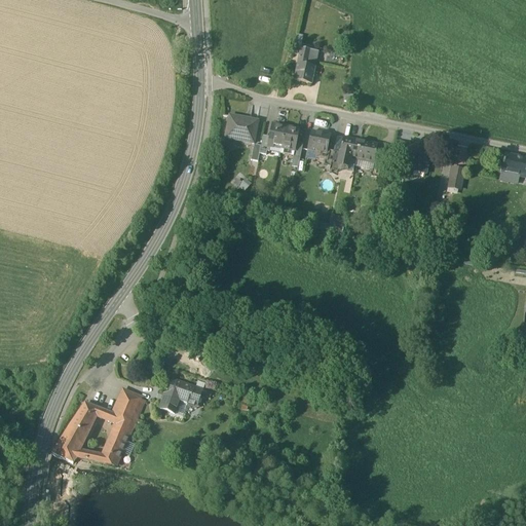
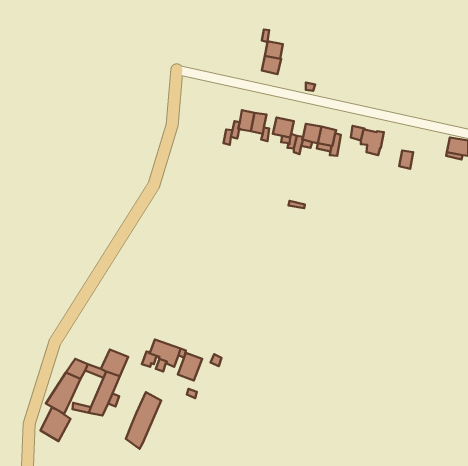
building: [225,115,257,140] -> none
building: none -> [178,353,202,380]
building: none -> [126,392,161,449]
building: none -> [40,407,71,441]

